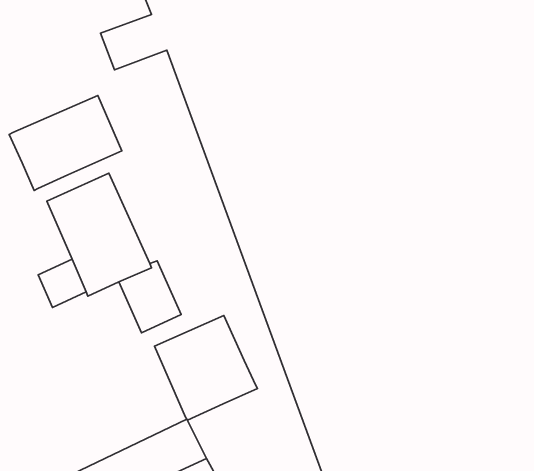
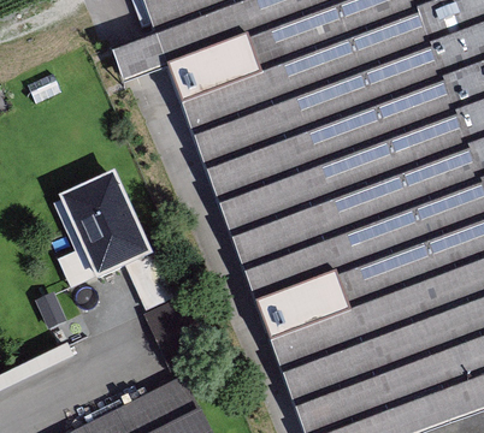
building: [9,95,122,191] -> none
building: [155,316,258,420] -> none

